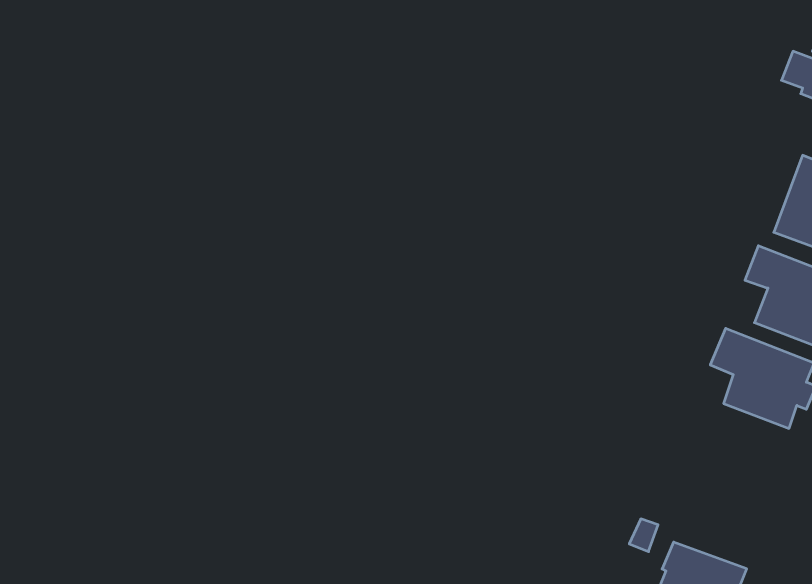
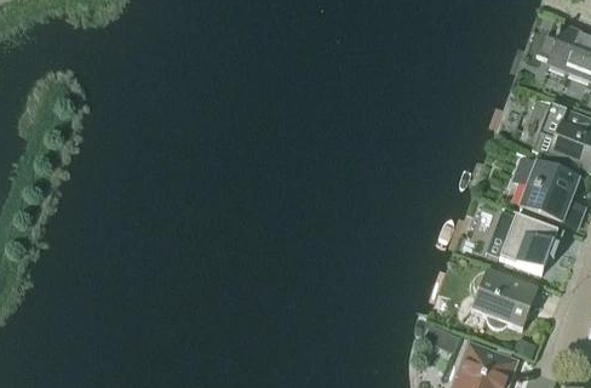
building: none -> [471,267,538,327]

